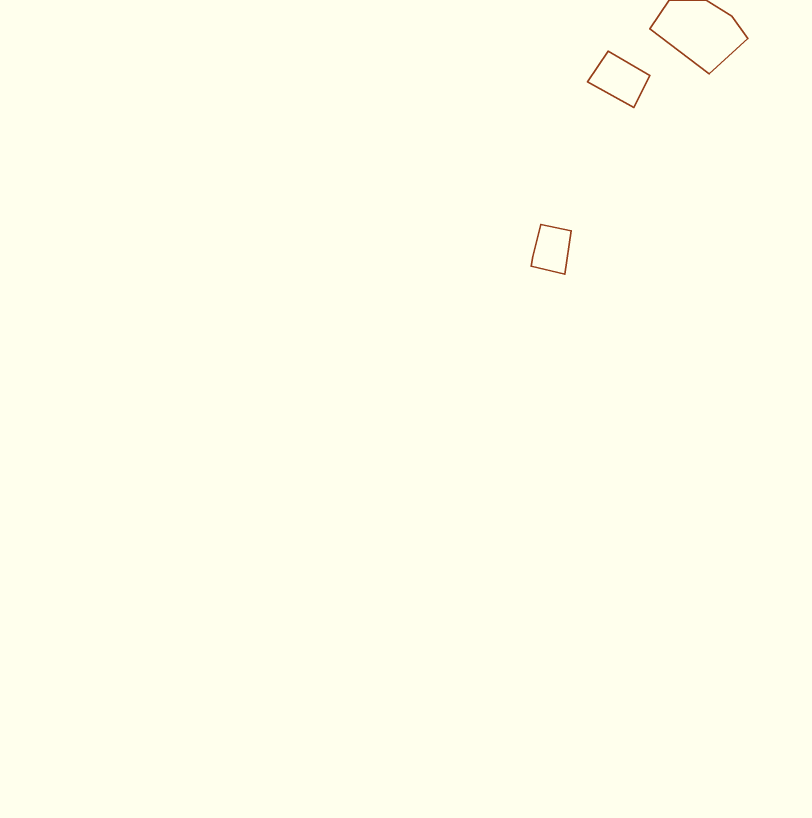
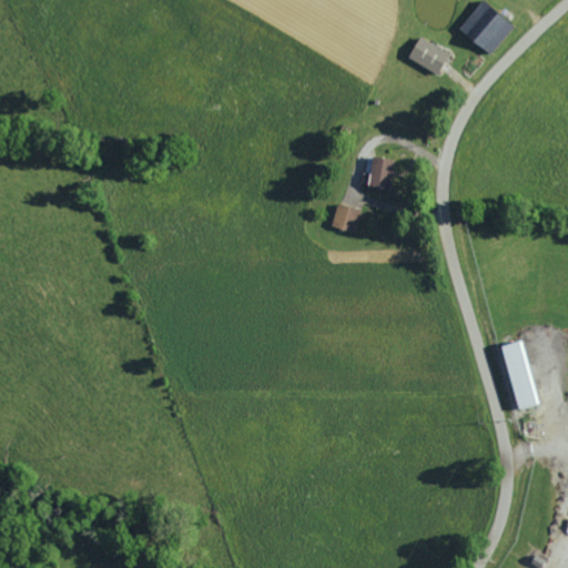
building: none -> [327,204,358,232]
building: none -> [499,341,540,408]

